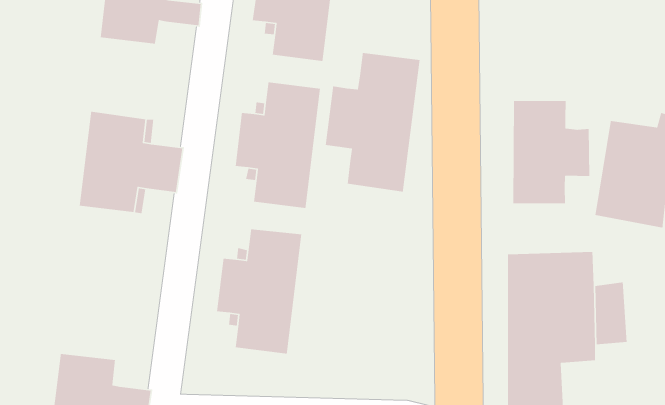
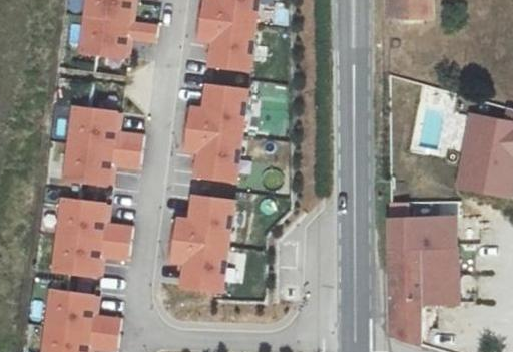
building: [325,52,420,192] -> none
building: [512,100,590,204] -> none
building: none -> [53,200,131,276]

